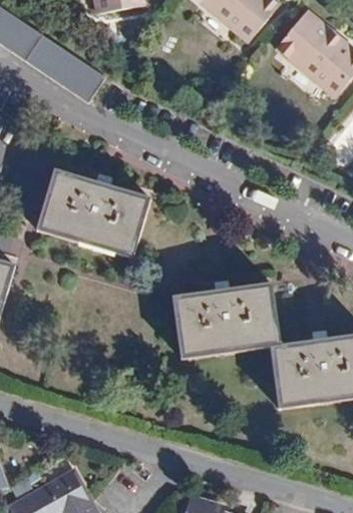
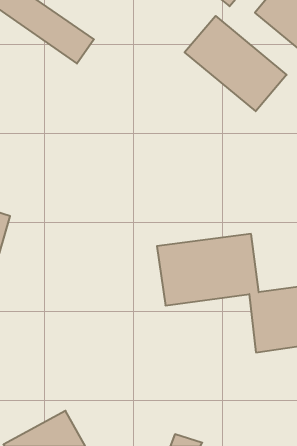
building: none -> [185,16,287,111]
building: [35,168,149,256] -> none

